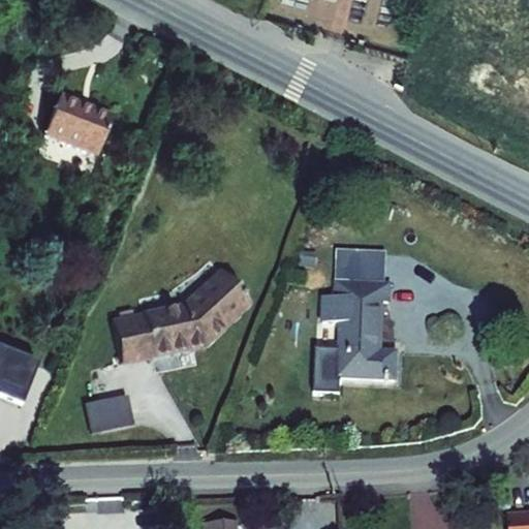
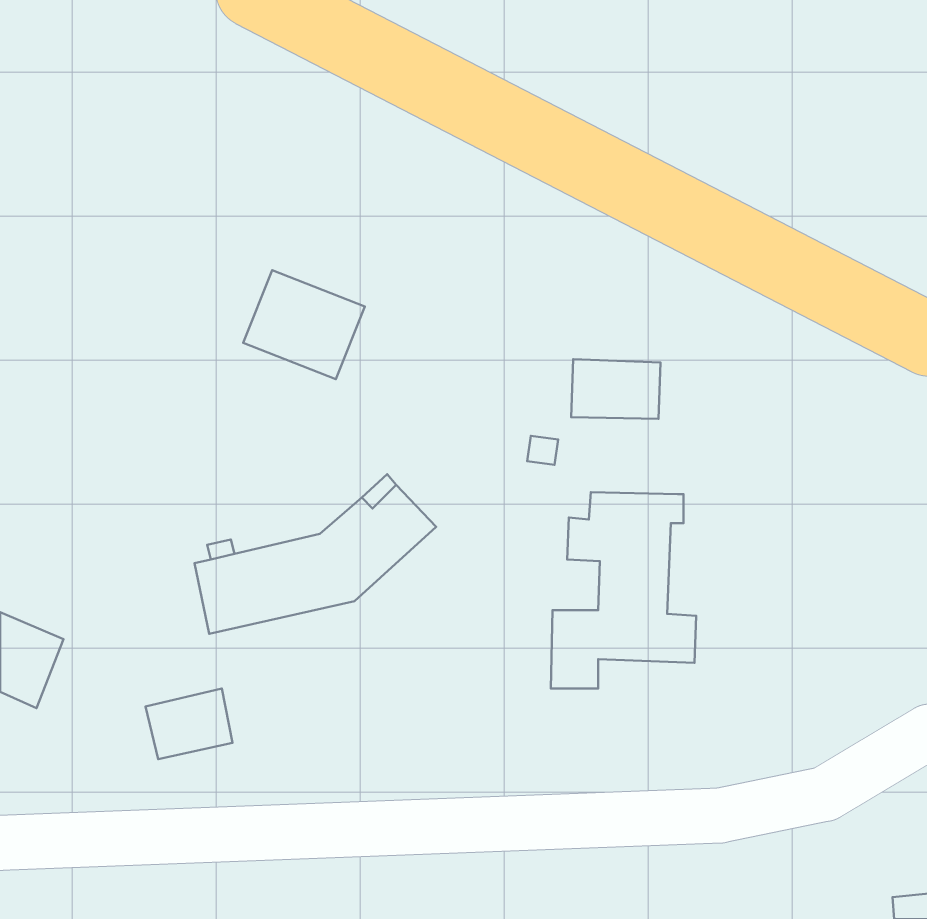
building: [44,93,114,155] -> [243,270,365,379]
building: [337,247,387,281] -> [571,359,660,419]

